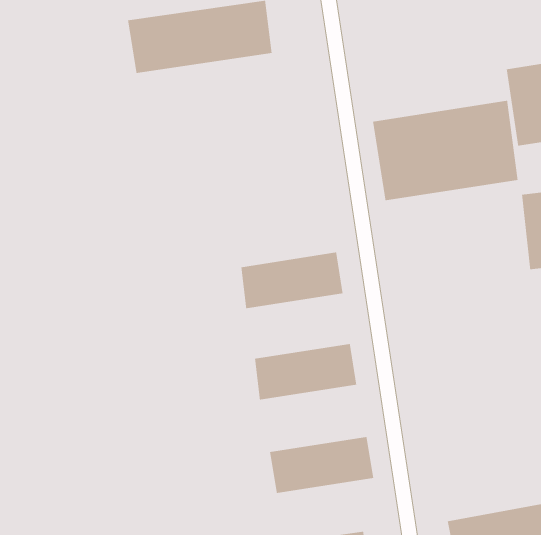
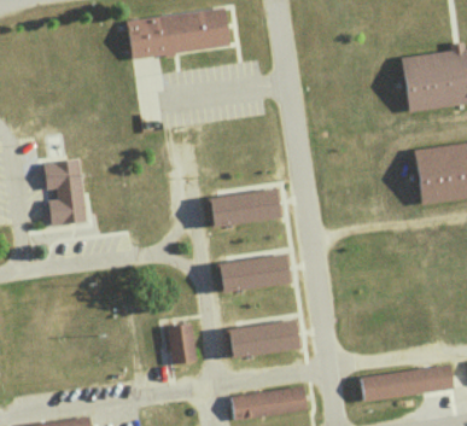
building: [372,100,519,201] -> none
building: none -> [45,158,88,228]
building: none -> [165,320,194,363]

